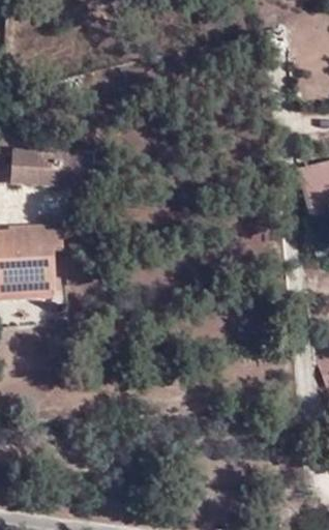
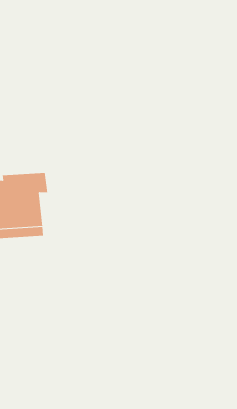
building: [16,147,72,186] -> none

